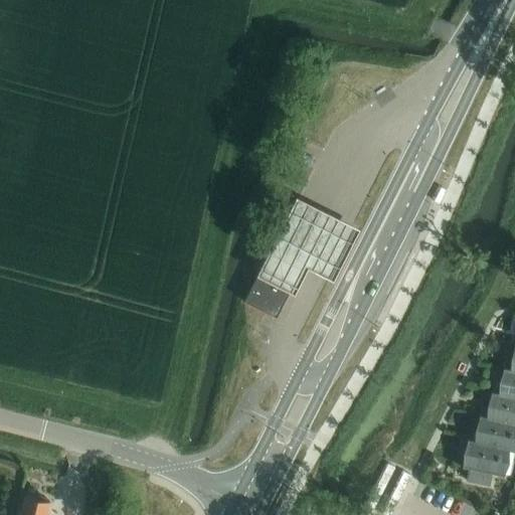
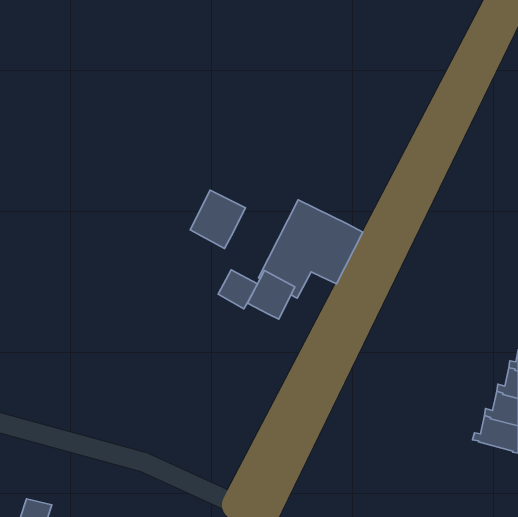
building: none -> [190,190,246,248]
building: none -> [218,270,258,309]
building: [463,438,509,487] -> none

